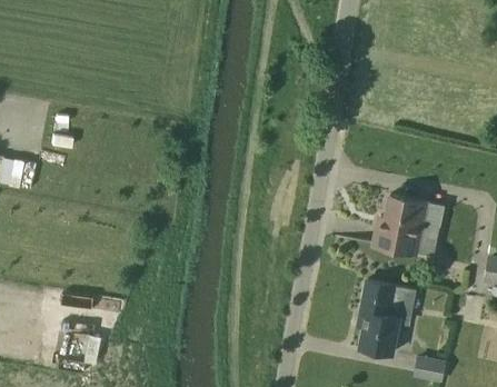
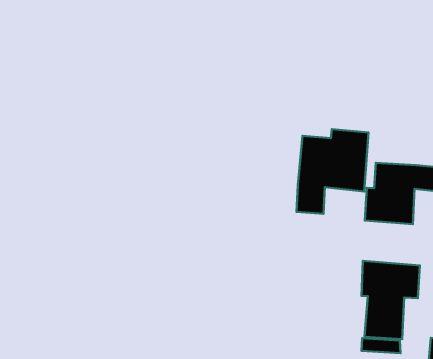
building: none -> [297,129,369,214]

